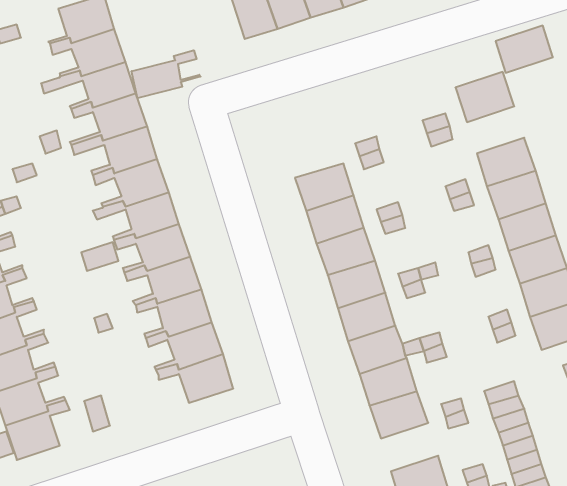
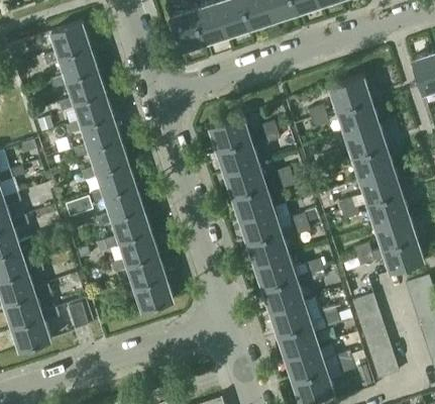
building: [496,26,553,73] -> [338,101,378,134]
building: [132,50,201,98] -> none
building: none -> [210,117,251,152]
building: none -> [278,324,318,359]

